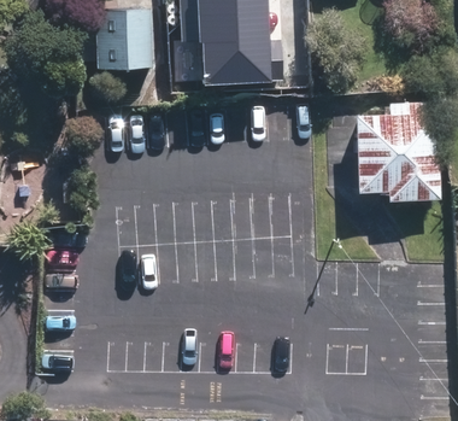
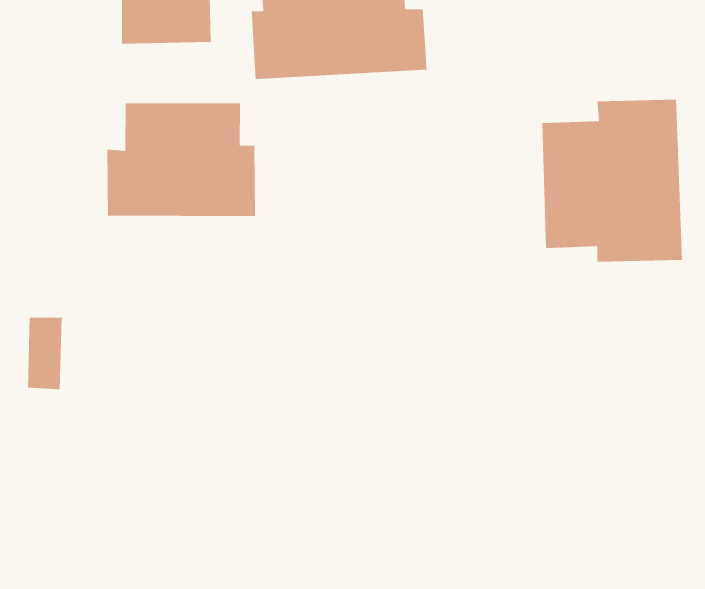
building: none -> [107,102,255,217]

